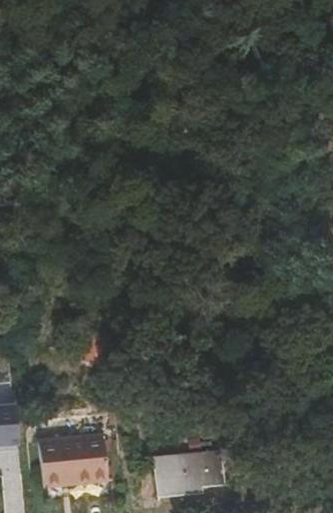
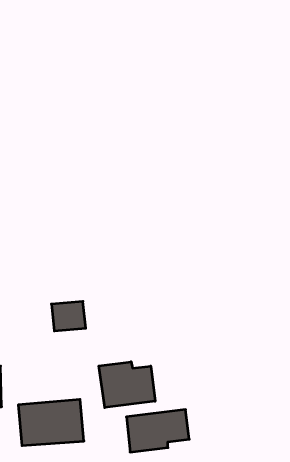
building: none -> [99,362,155,408]

